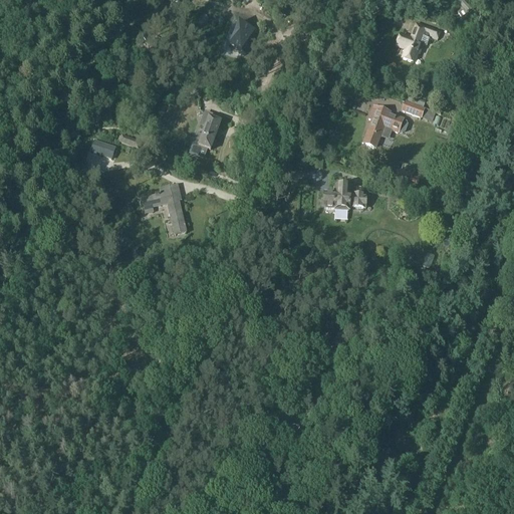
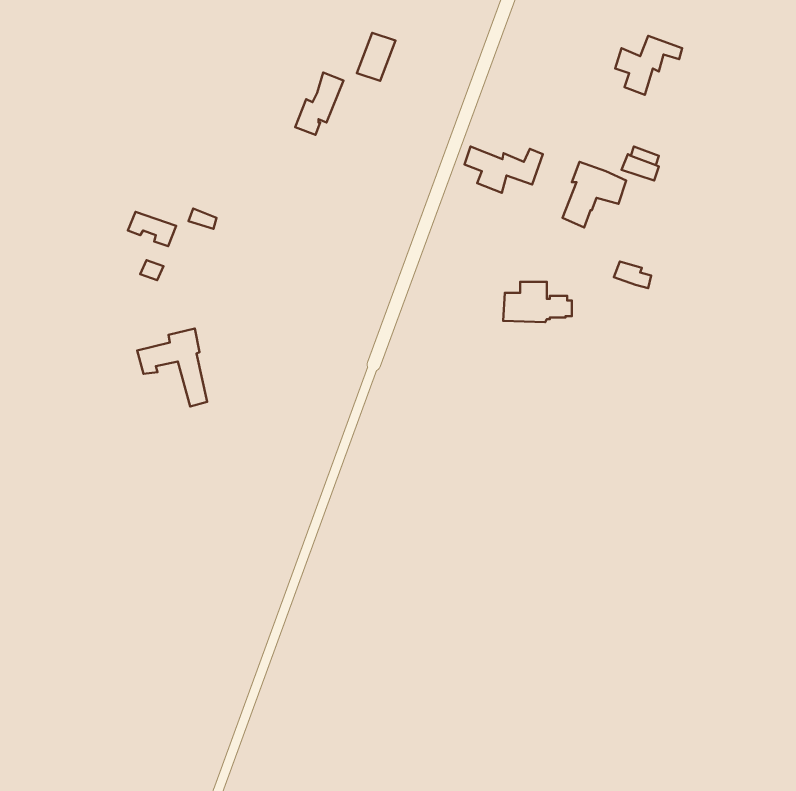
building: none -> [465,146,543,193]
building: [190,115,221,156] -> [295,73,344,135]
building: [141,183,186,233] -> [137,329,207,407]

